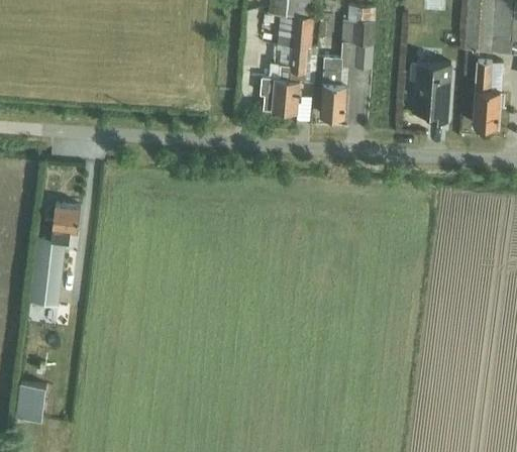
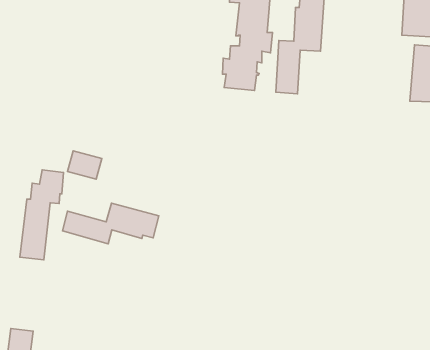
building: [413,63,451,124] -> none
building: none -> [68,151,102,179]
building: none -> [62,203,159,244]

